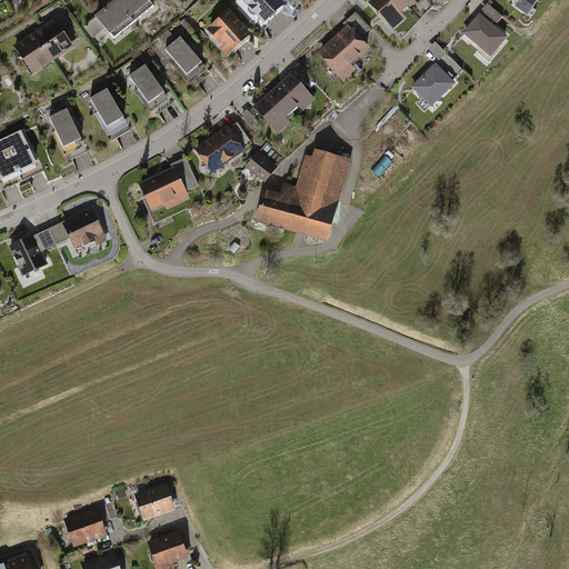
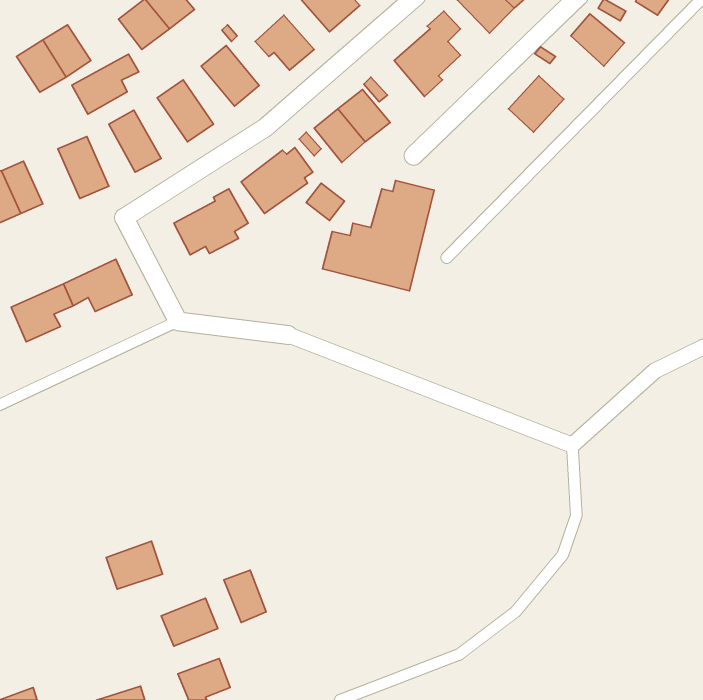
building: none -> [72,54,139,114]
building: none -> [224,570,266,623]
building: [59,508,104,547] -> [106,541,163,589]

